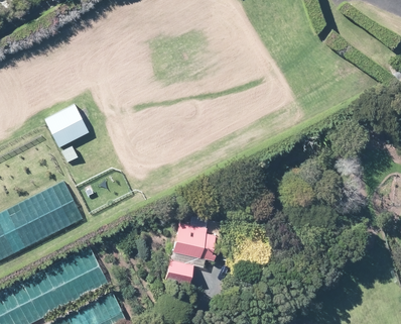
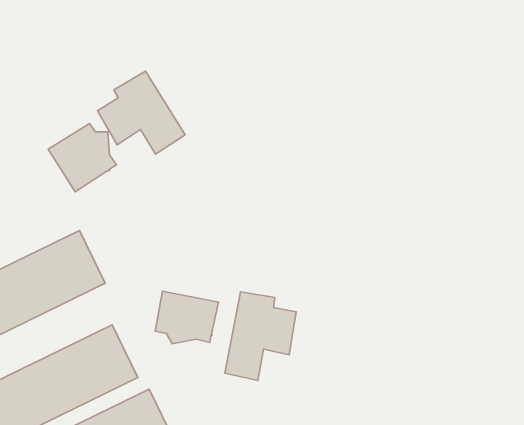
building: none -> [97,71,185,154]
building: none -> [155,291,219,344]

